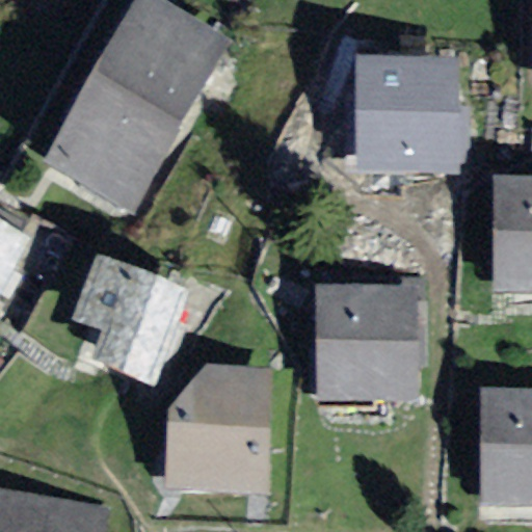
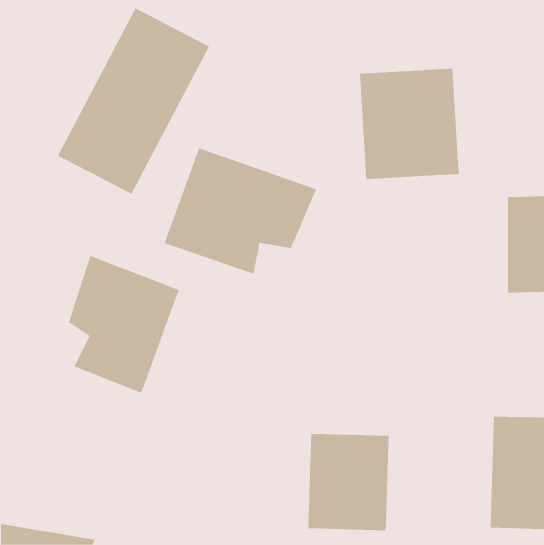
building: none -> [164,148,317,274]
building: [322,299,401,393] -> [307,433,390,531]
building: [175,376,254,490] -> none

